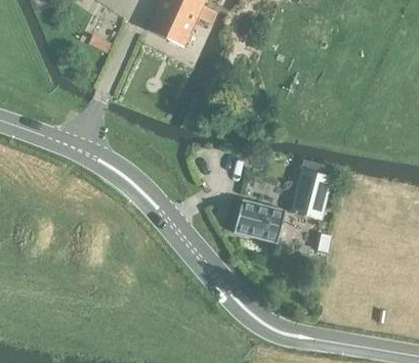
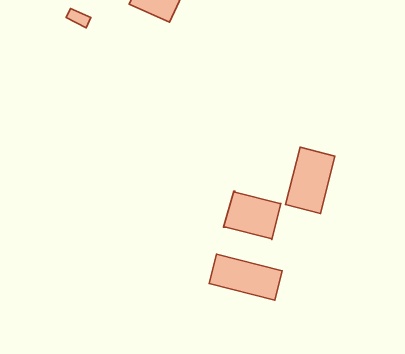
building: none -> [209,254,282,300]

